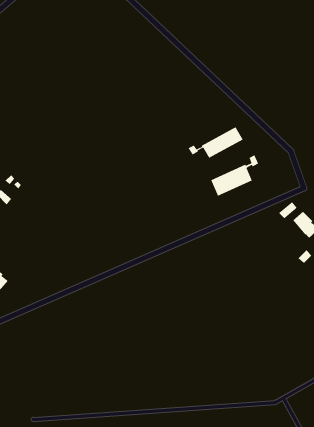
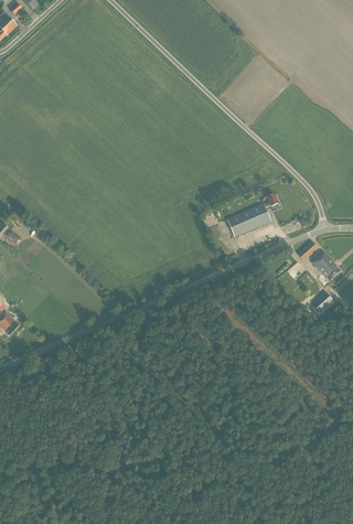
building: [188,126,244,159] -> none

